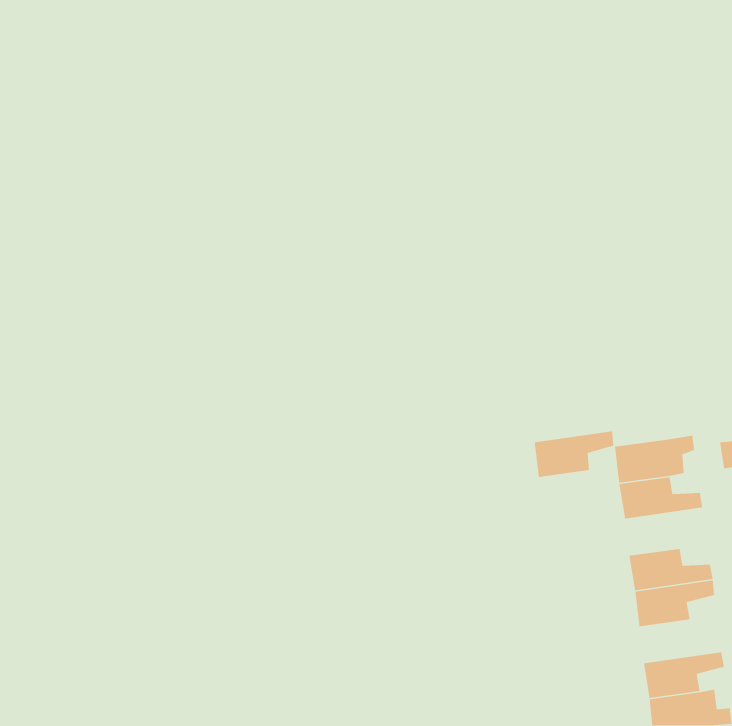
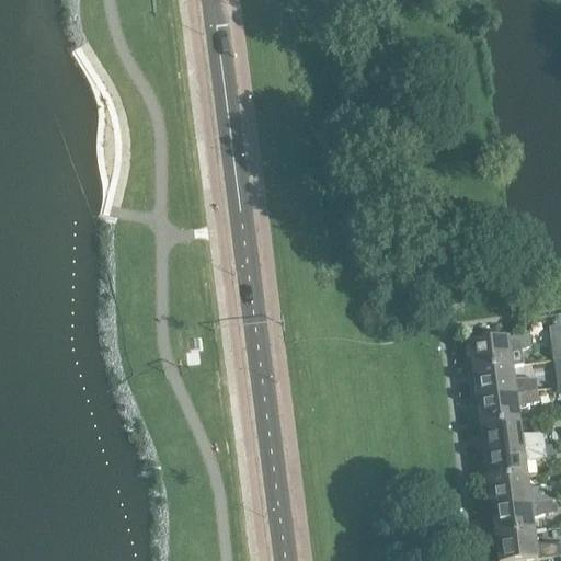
building: [534,430,614,478] -> [478,388,539,424]
building: none -> [489,473,552,506]

